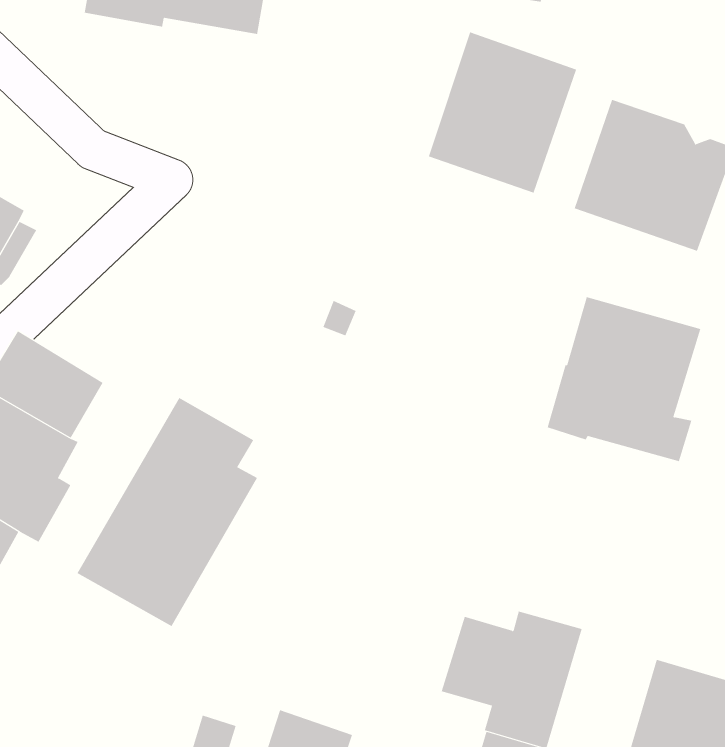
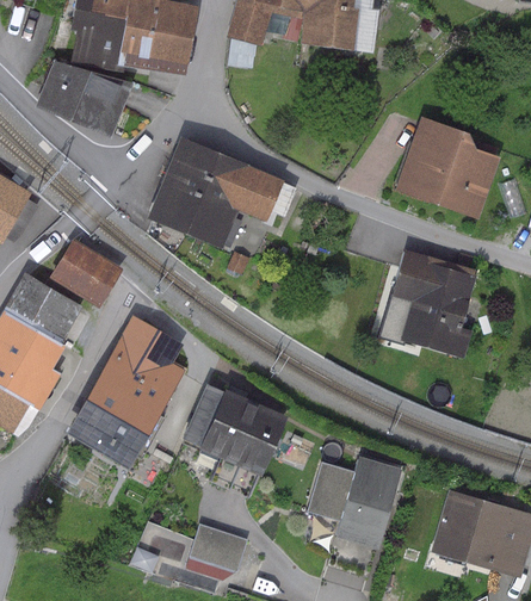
building: none -> [36,61,131,138]
building: [428,31,577,193] -> none
building: none -> [147,140,297,252]
building: none -> [49,240,121,306]
building: none -> [183,385,285,477]

